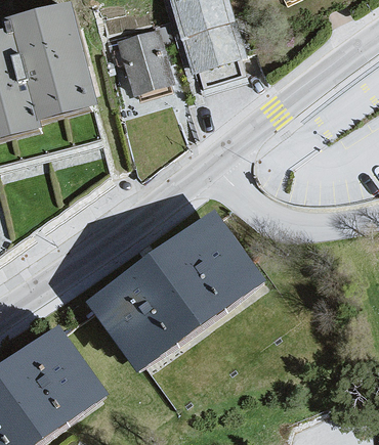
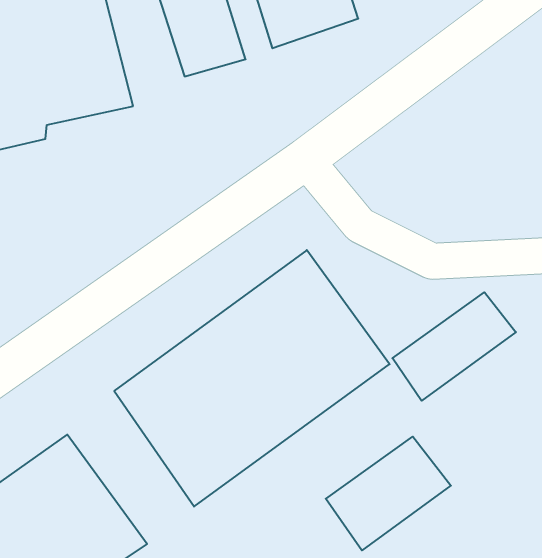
building: none -> [392,292,516,401]
building: none -> [326,437,451,550]

